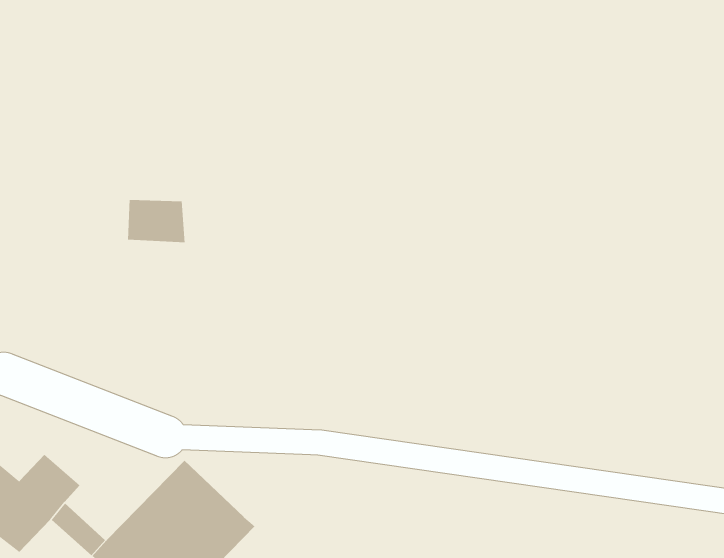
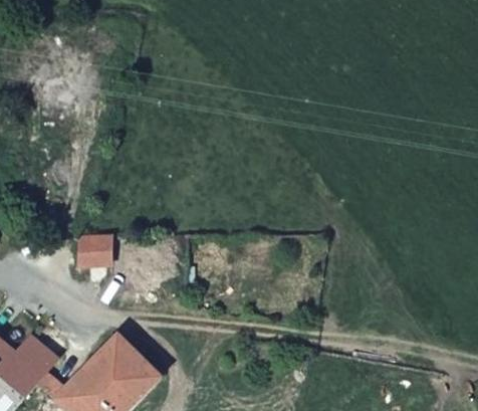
building: [127,199,186,243] -> [71,237,108,265]

